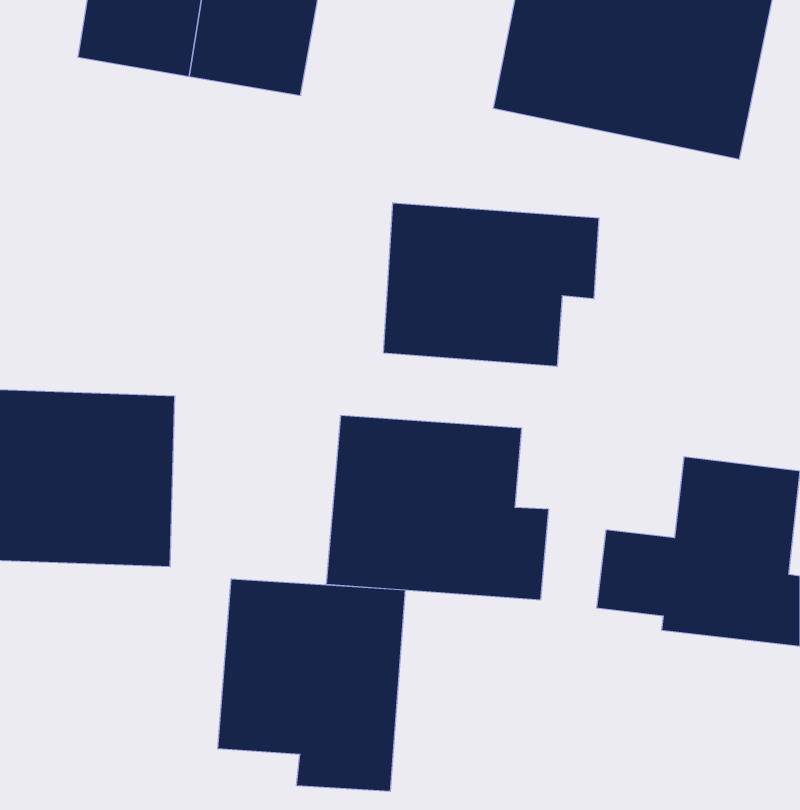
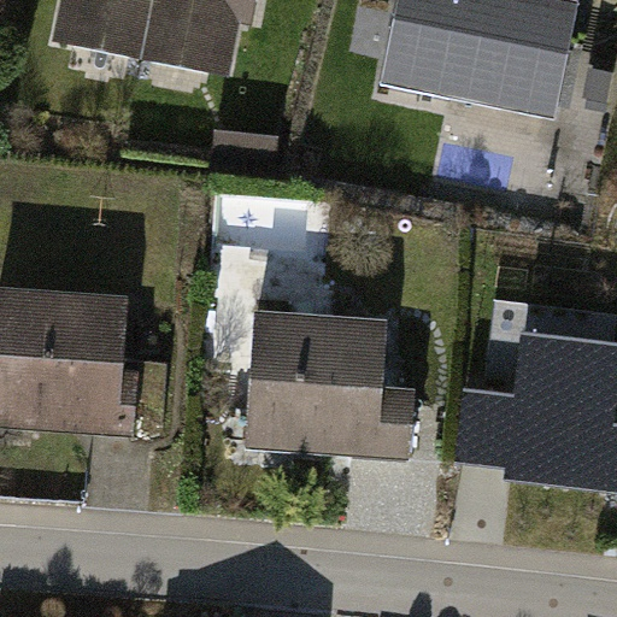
building: [383,203,599,367] -> none
building: [218,579,405,791] -> none

